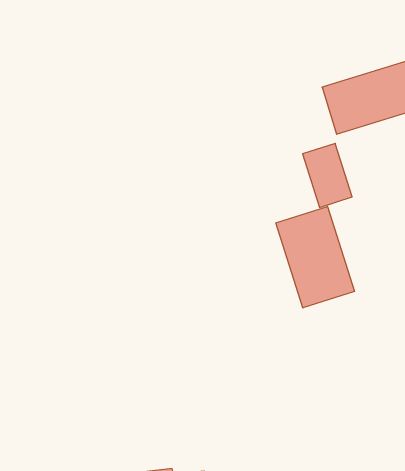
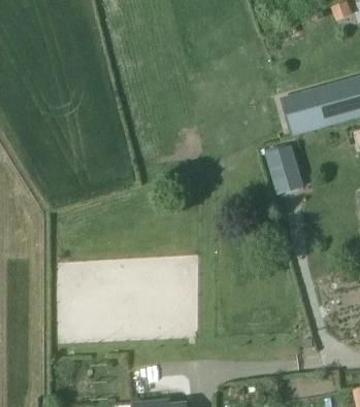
building: [276,206,354,308] -> none

